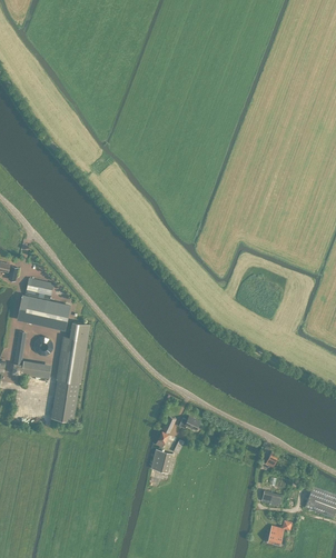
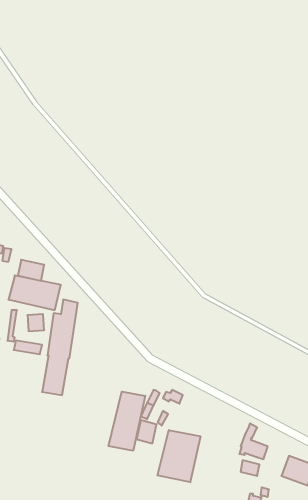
building: none -> [109,392,145,451]
building: none -> [157,430,200,482]

